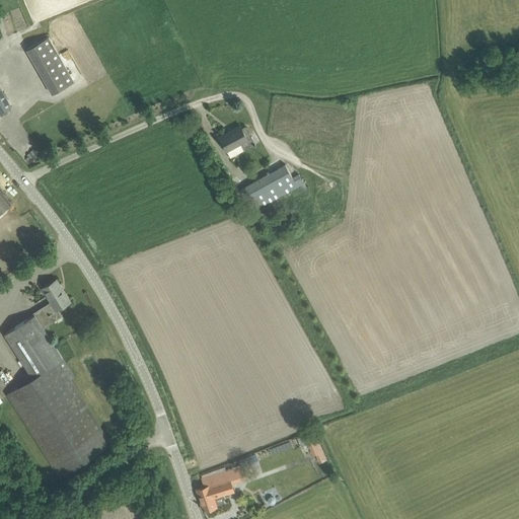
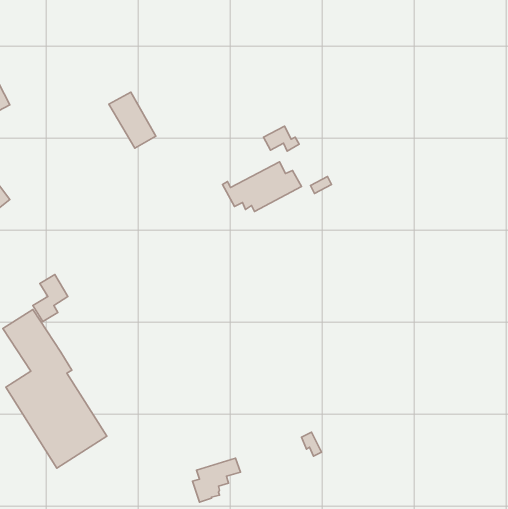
building: [25,38,73,94] -> [109,92,156,148]
building: [218,127,254,152] -> [263,126,299,151]

